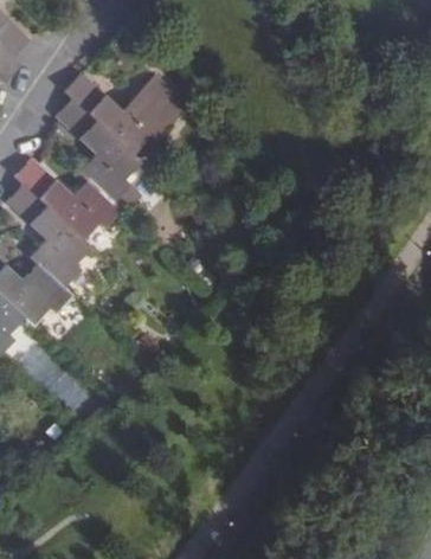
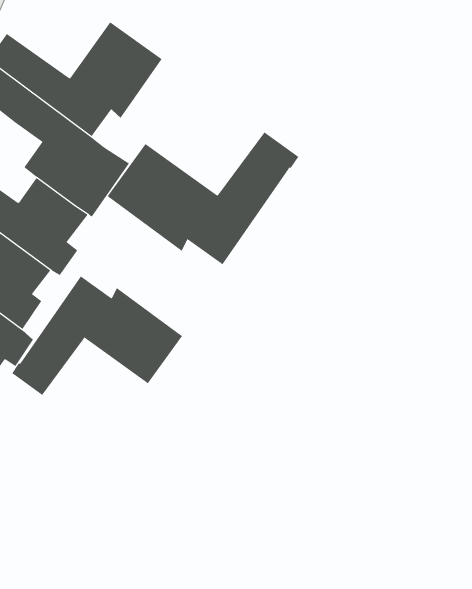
building: none -> [107,131,299,265]
building: none -> [11,276,183,396]

